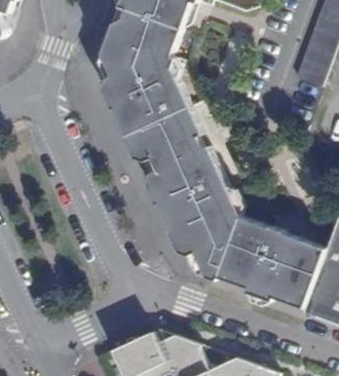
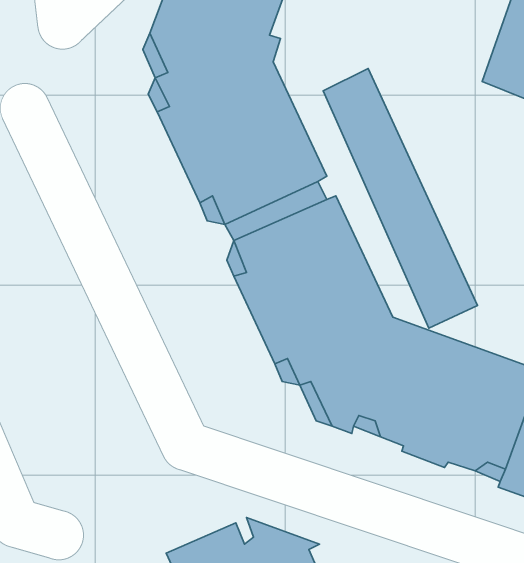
building: none -> [323,68,478,328]

